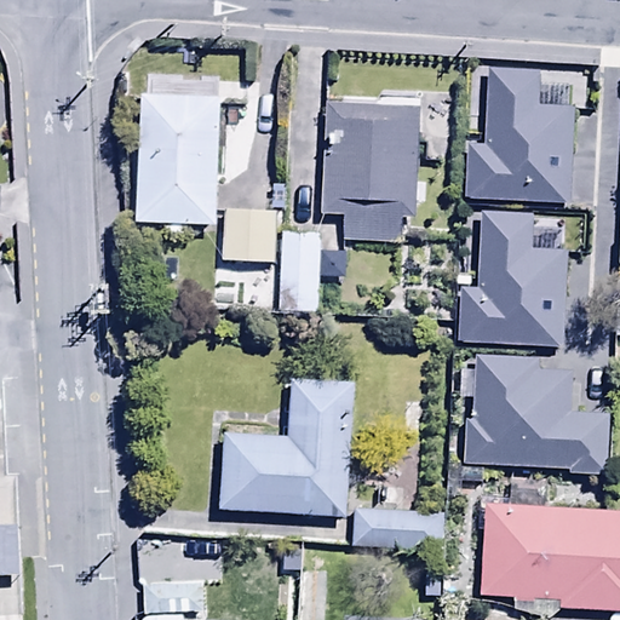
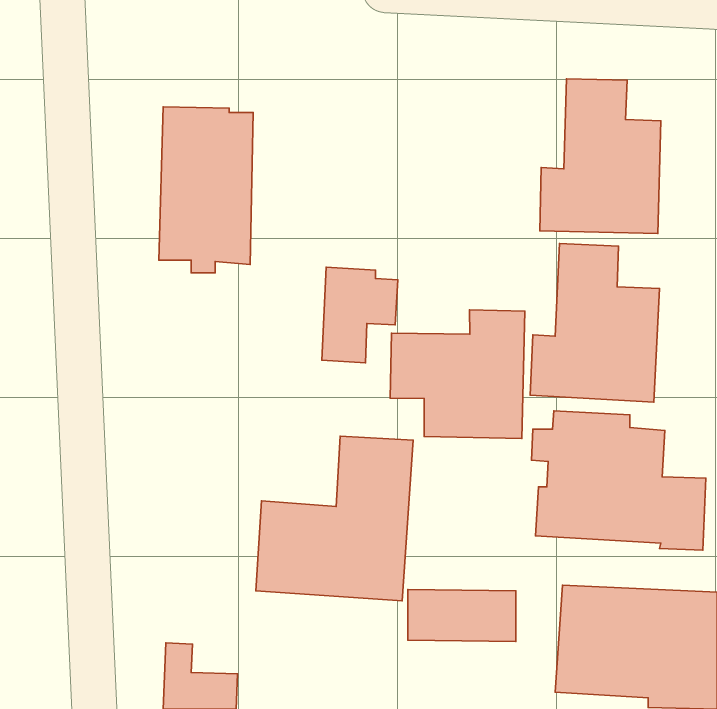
building: [322,101,420,239] -> none
building: [220,207,277,264] -> none
building: none -> [390,310,525,438]

